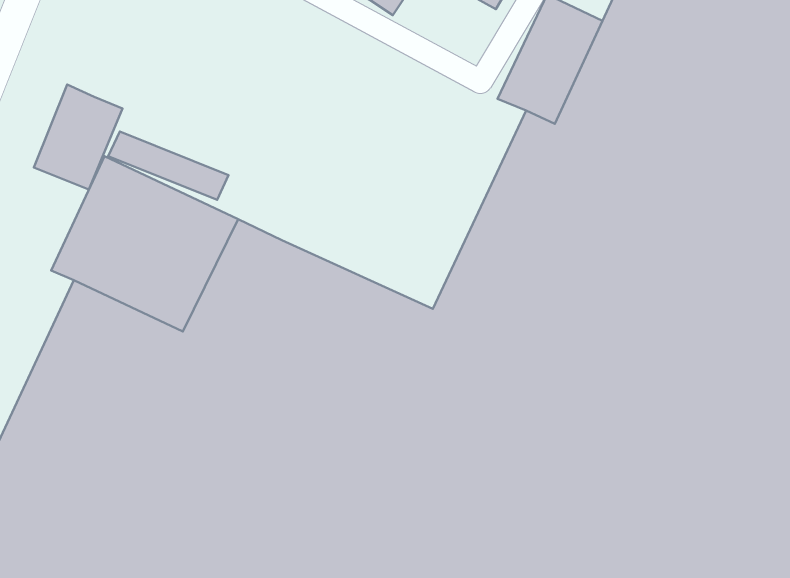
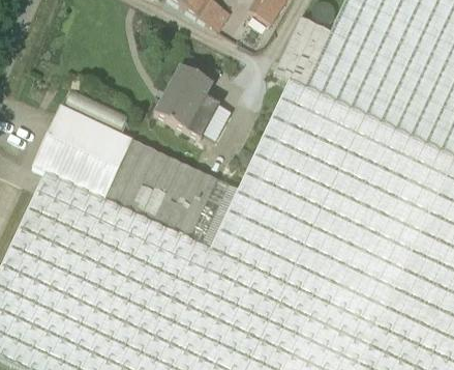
building: none -> [154,55,219,140]
building: [34,84,123,189] -> none

